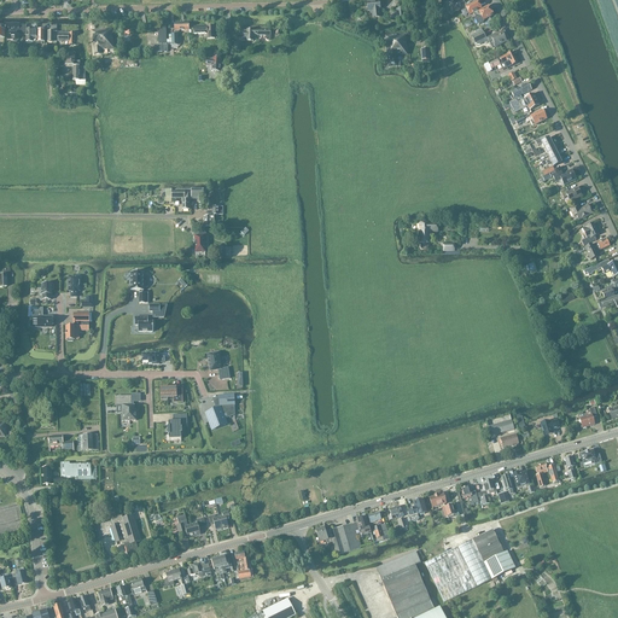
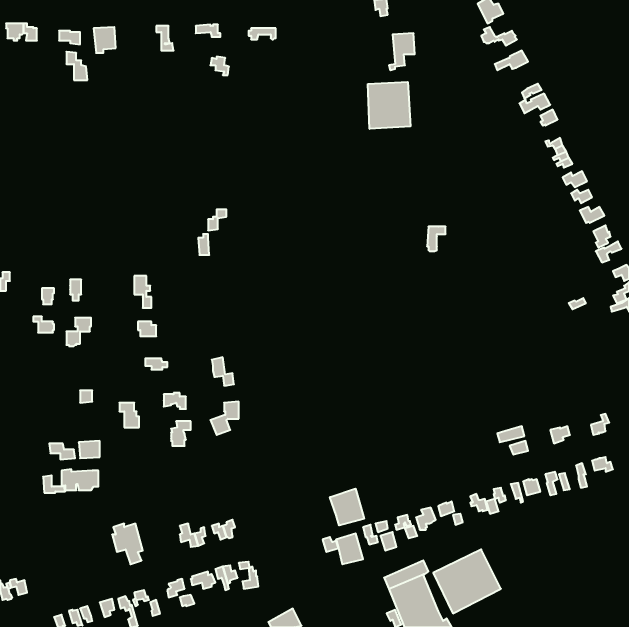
building: none -> [368,82,410,129]
building: none -> [330,489,364,525]
building: [472,527,508,577] -> none

